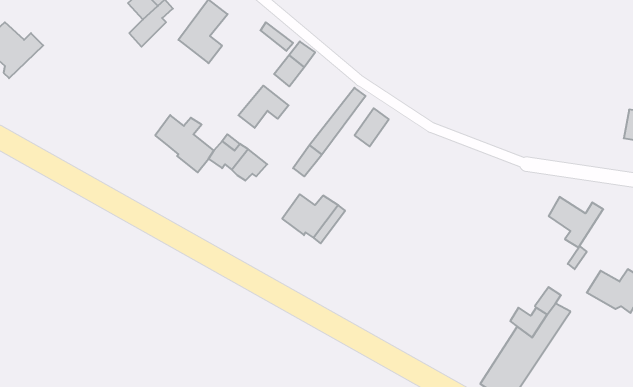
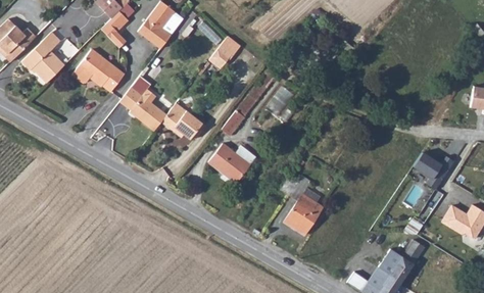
building: none -> [22,32,63,81]
building: none -> [74,50,125,93]
building: [238,86,289,128] -> none
building: none -> [284,179,323,234]

